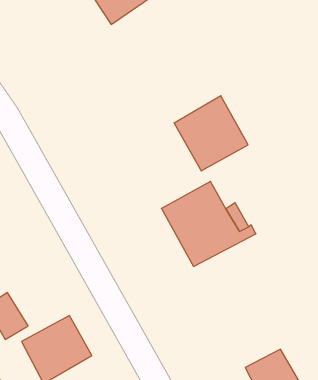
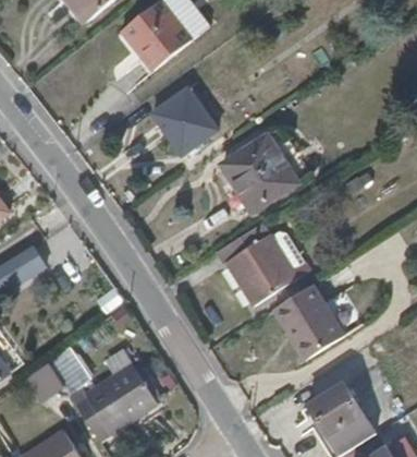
building: none -> [151,89,216,155]
building: none -> [272,285,363,360]

